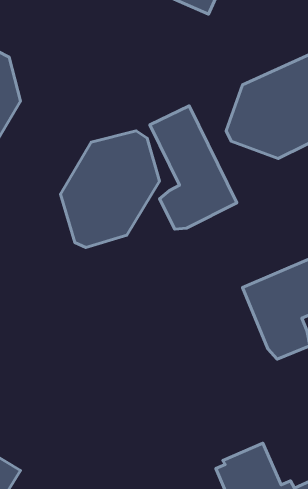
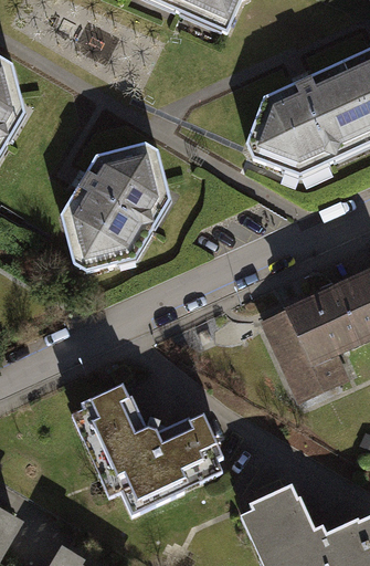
building: [150,106,237,229] -> none
building: none -> [65,384,216,512]

